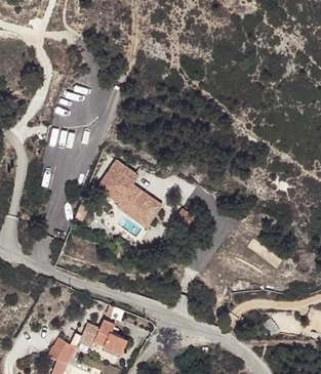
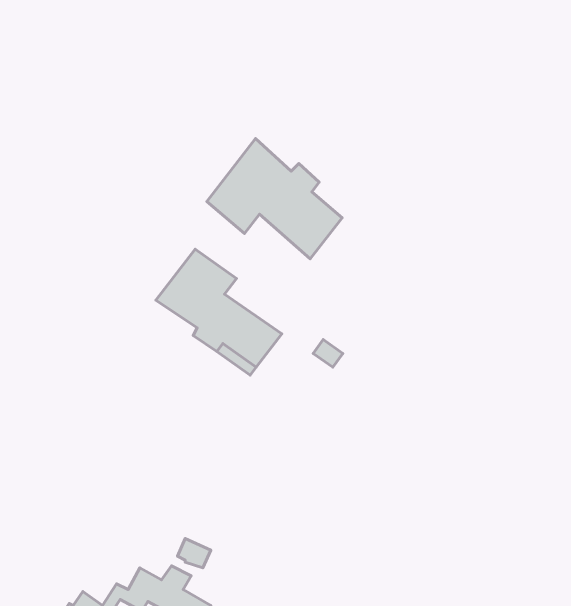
building: none -> [207,138,342,259]

